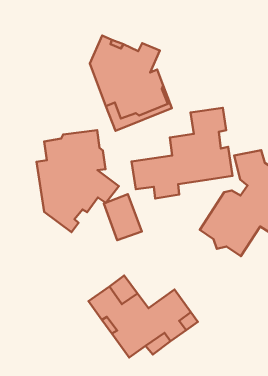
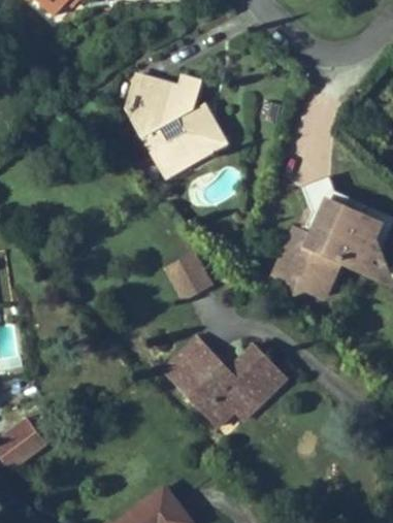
building: [132,108,233,198] -> none
building: [36,130,119,232] -> none

